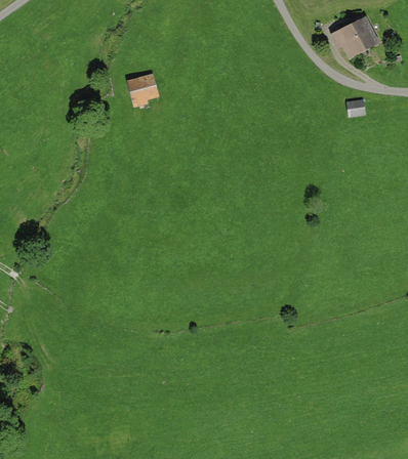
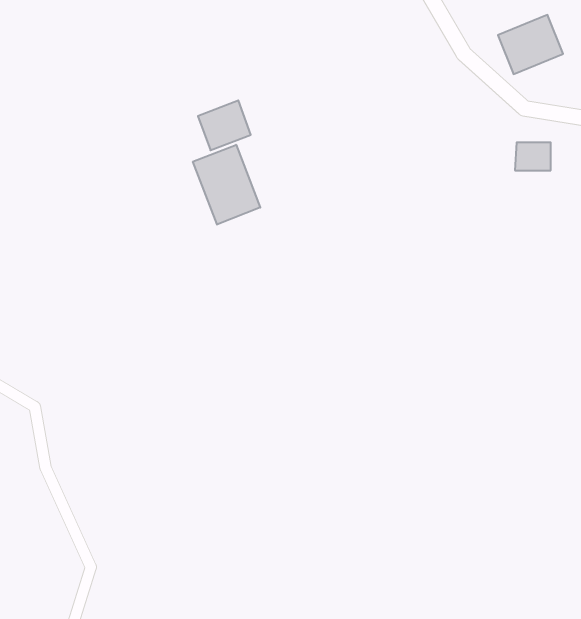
building: none -> [193,145,260,225]

